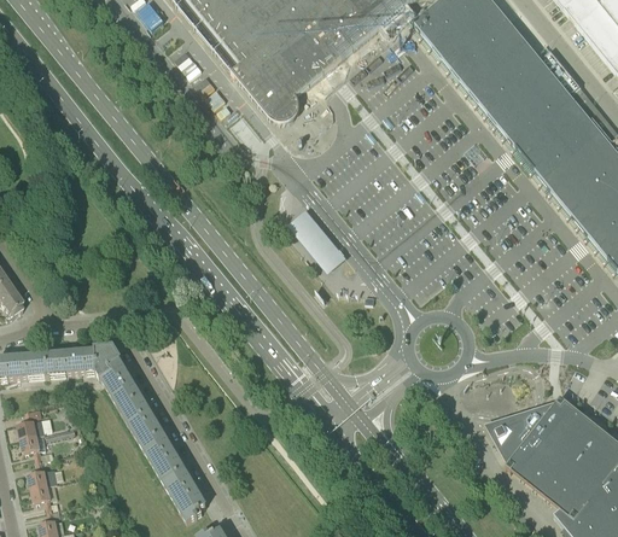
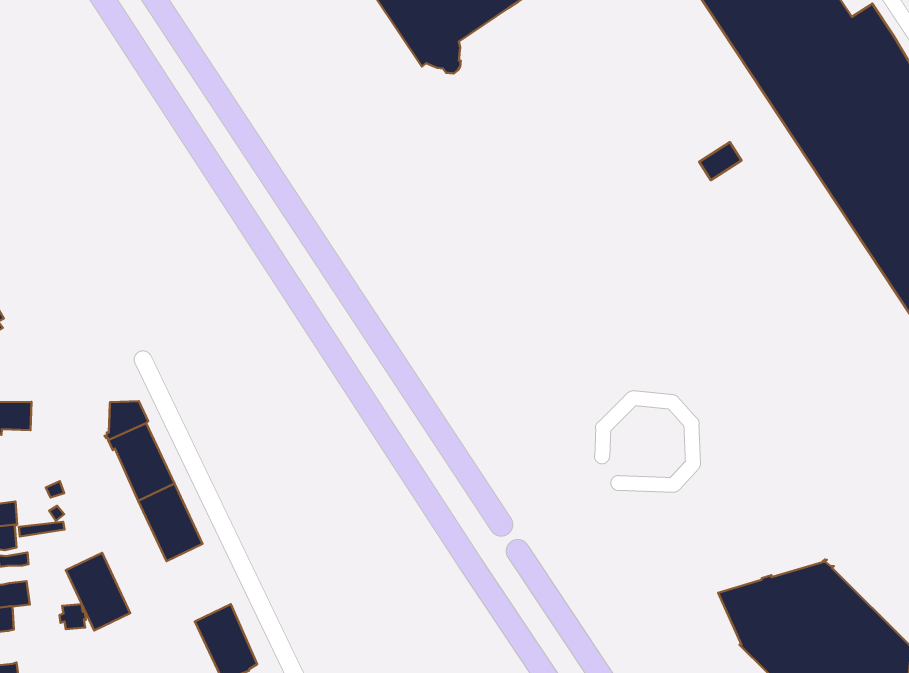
building: [285,205,344,269] -> none
building: [46,349,97,372] -> none
building: [141,431,185,480] -> [66,553,130,630]

